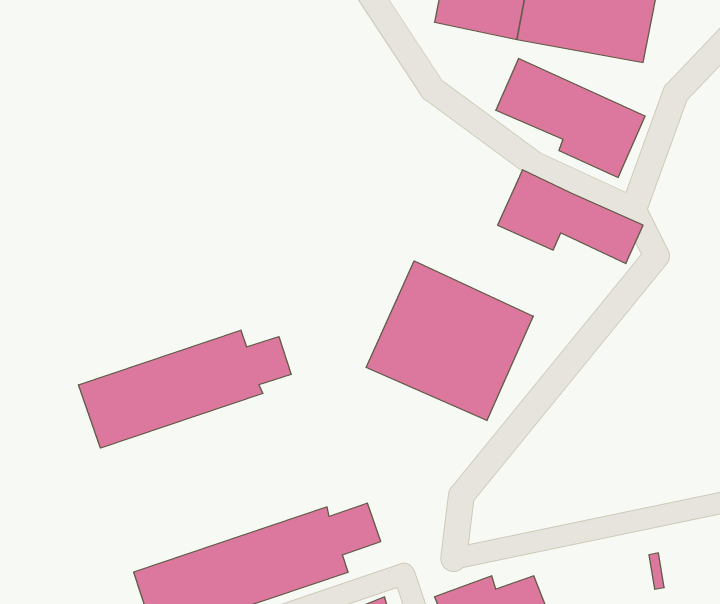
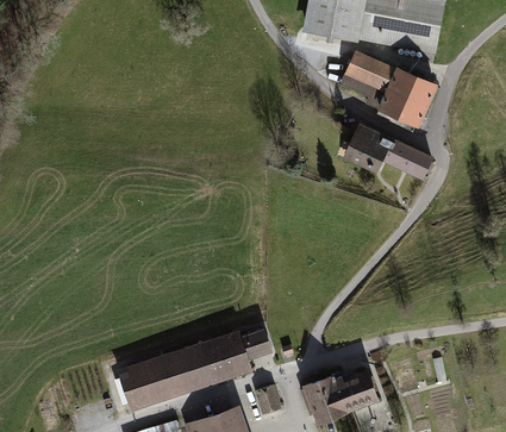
building: [366,261,533,421] -> none
building: [79,330,291,448] -> none

